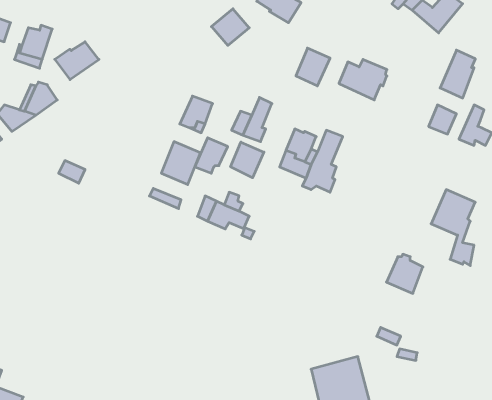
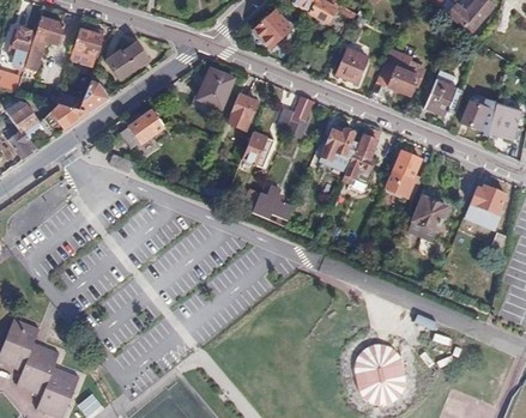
building: [440,50,475,98] -> [424,71,458,116]
building: none -> [119,110,163,146]
building: [161,142,200,185] -> [197,68,234,109]
building: [231,142,264,178] -> none
building: none -> [383,150,422,199]
building: [386,254,423,293] -> [410,194,445,231]

